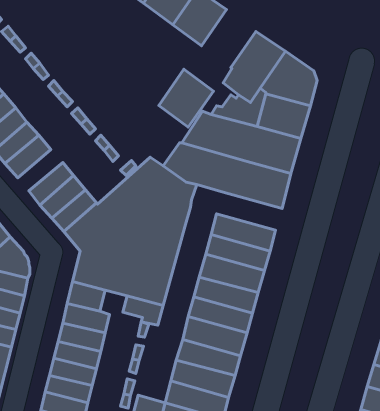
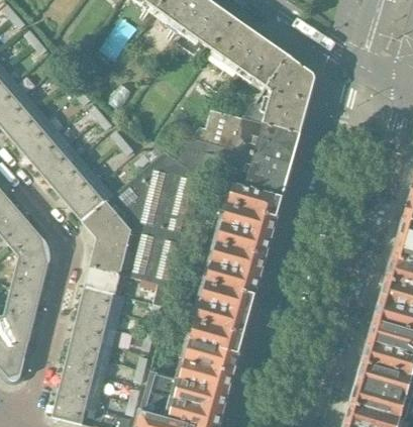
building: [159,69,213,127] -> [208,14,259,68]
building: none -> [38,143,80,182]
building: none -> [222,183,283,218]

